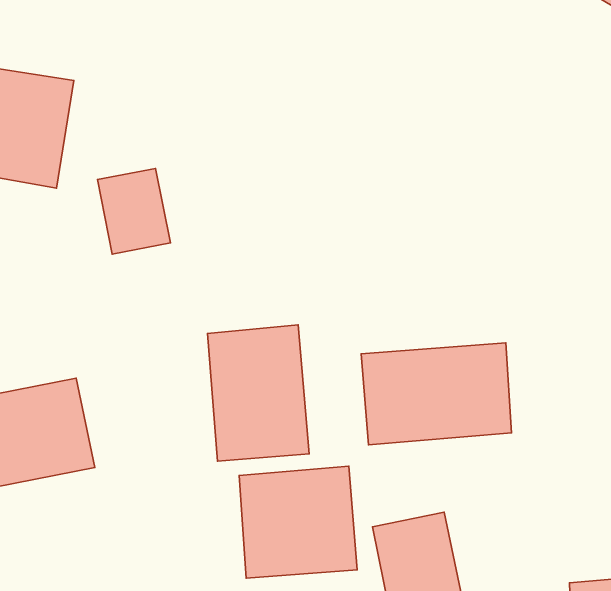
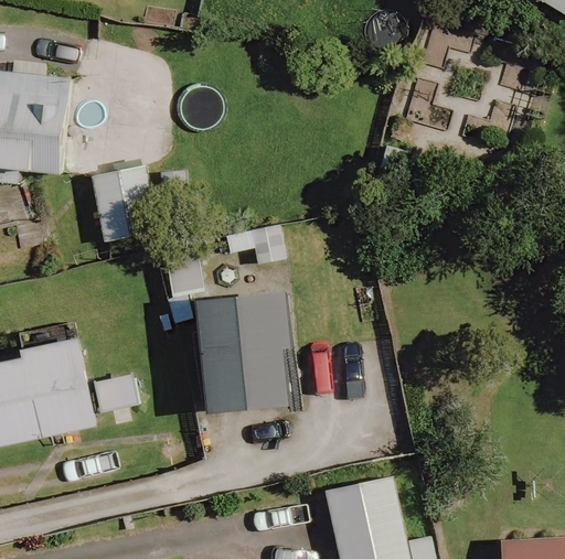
building: [361,343,512,445] -> none
building: [239,466,357,578] -> none

